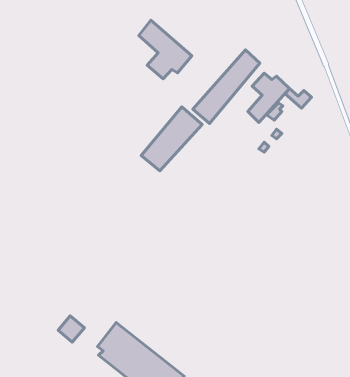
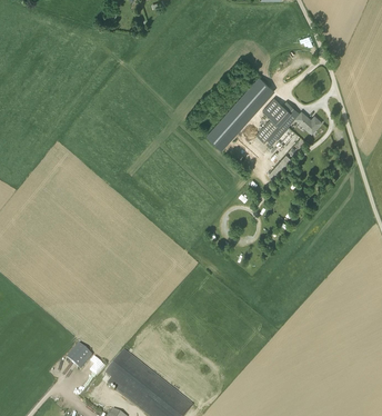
building: [139,20,192,79] -> none
building: [141,107,202,171] -> none

